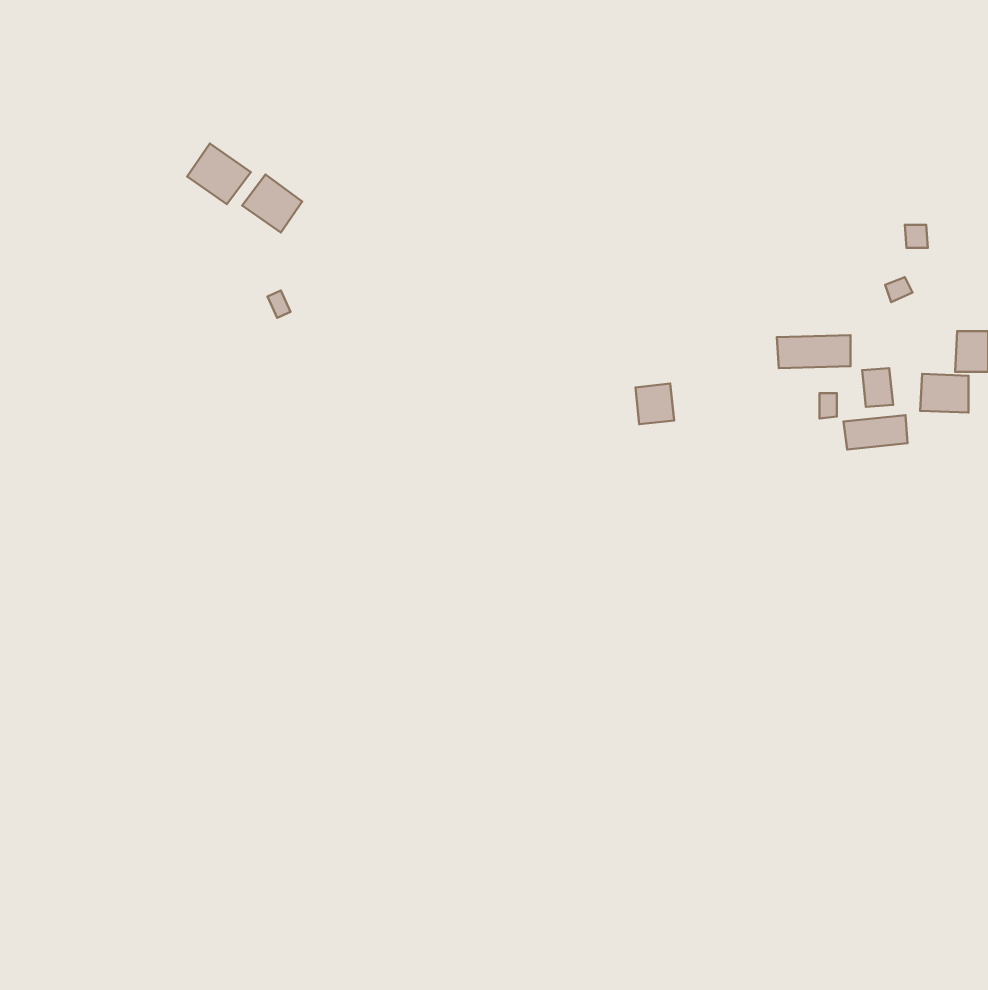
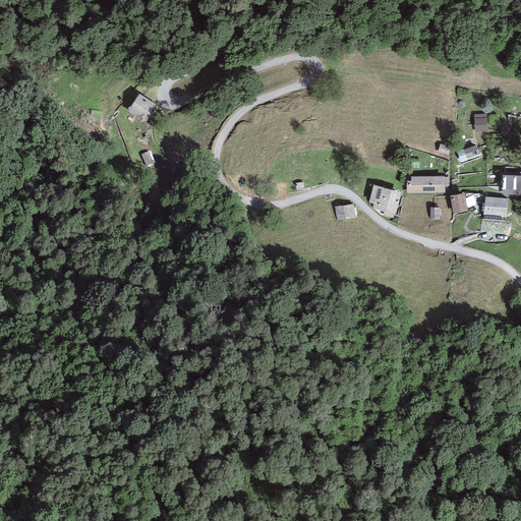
building: [187,143,251,204] -> none
building: none -> [369,184,402,218]
building: [844,415,908,449] -> none

